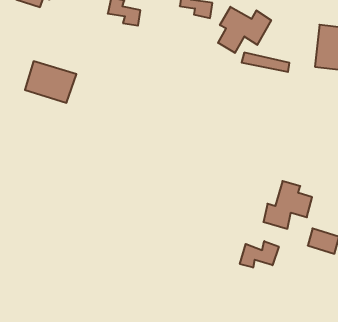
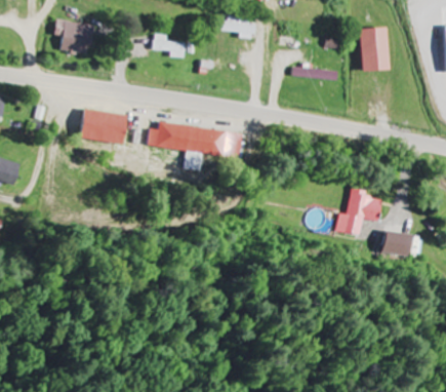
building: [218,7,271,53] -> none
building: none -> [147,122,241,169]
building: [240,241,279,268] -> none

